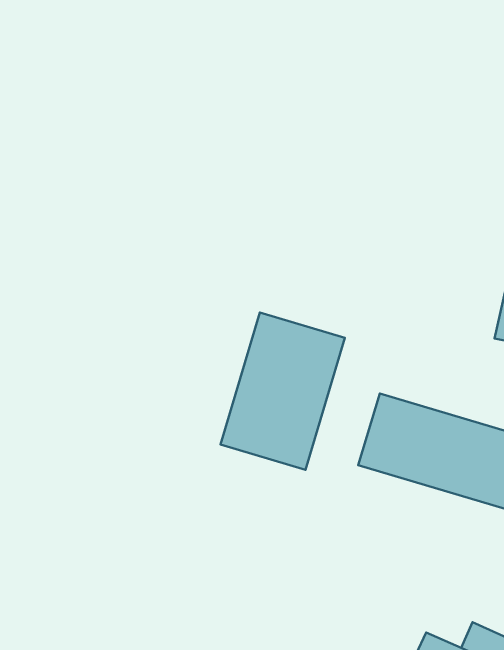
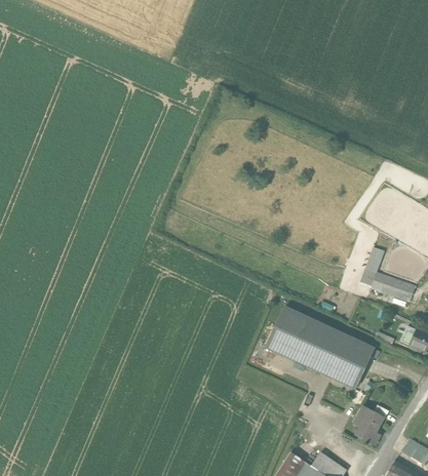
building: [220,313,345,470] -> none

